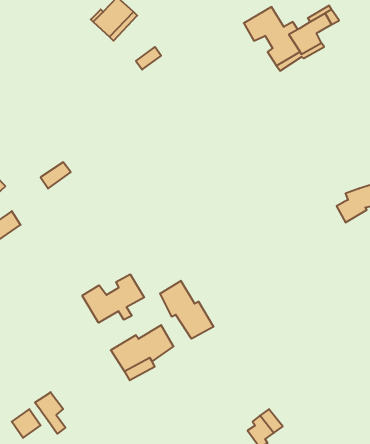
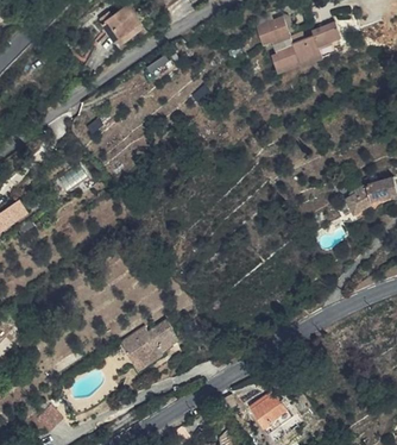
building: [82,274,144,323] -> none
building: [160,281,214,339] -> none
building: [35,392,65,434] -> none

